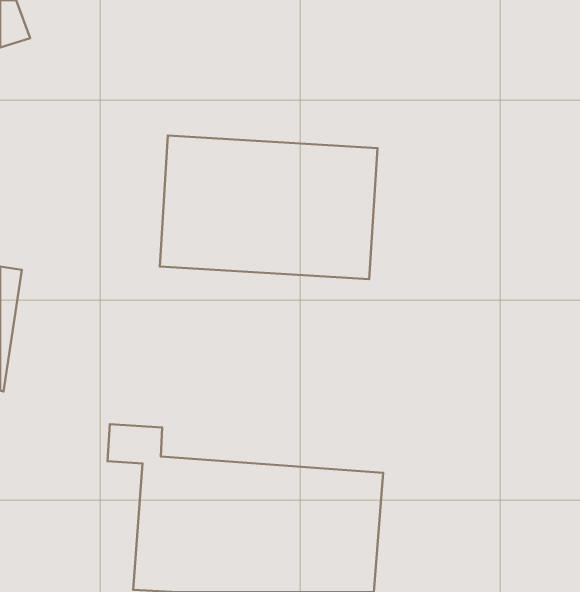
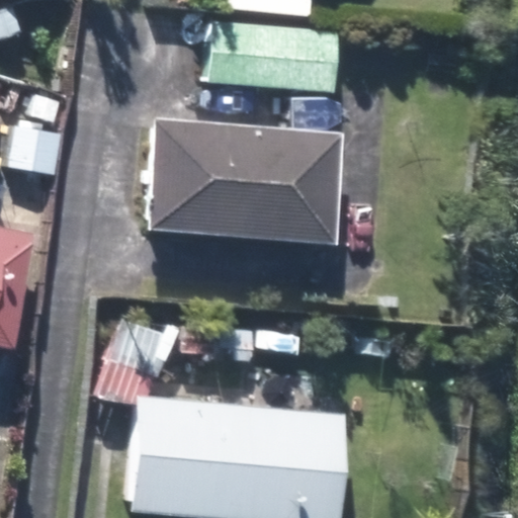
building: none -> [211,24,344,91]

